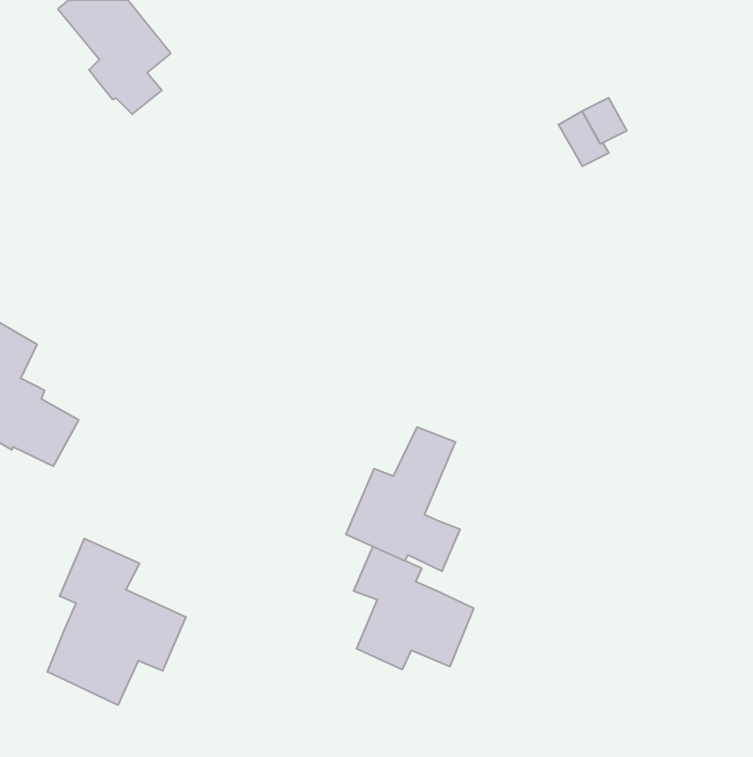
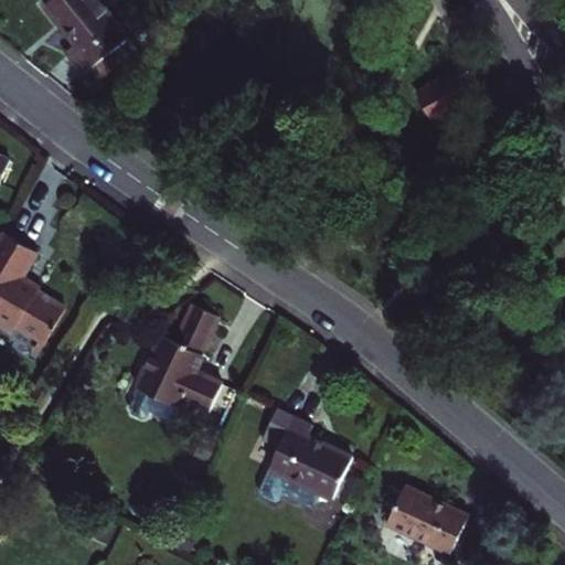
building: [346,427,460,571] -> [137,306,222,413]
building: [47,539,186,705] -> none
building: none -> [387,480,469,548]

